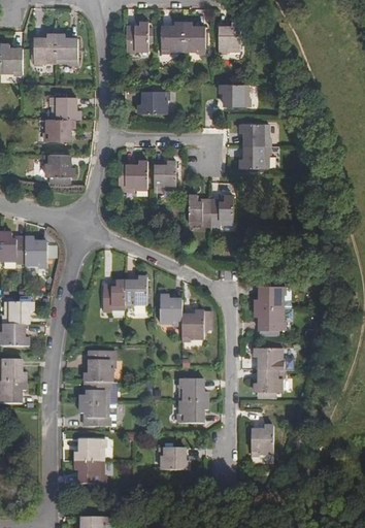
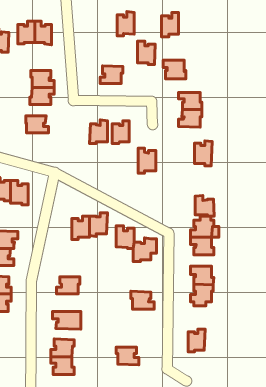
building: [125,21,147,51] -> none
building: [181,22,204,52] -> [138,41,155,64]
building: [209,195,232,227] -> [194,141,212,166]
building: none -> [195,196,214,216]
building: [77,381,114,403] -> none
building: [177,400,207,423] -> none

